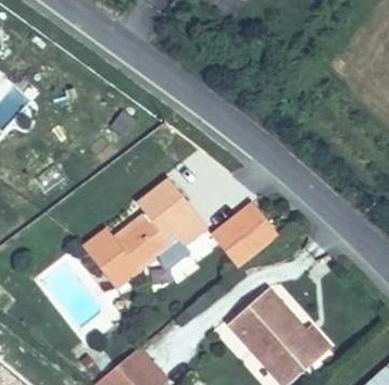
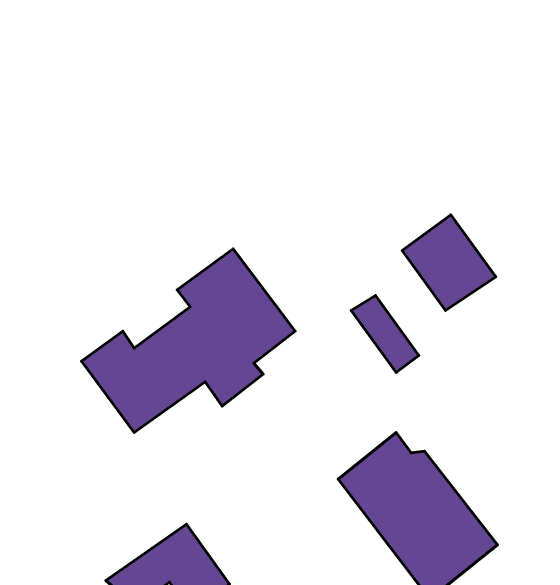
building: [212,219,266,274] -> [402,215,496,310]

